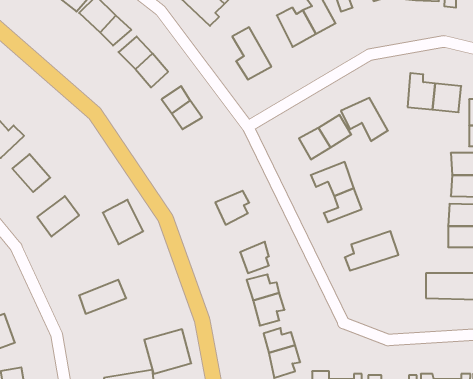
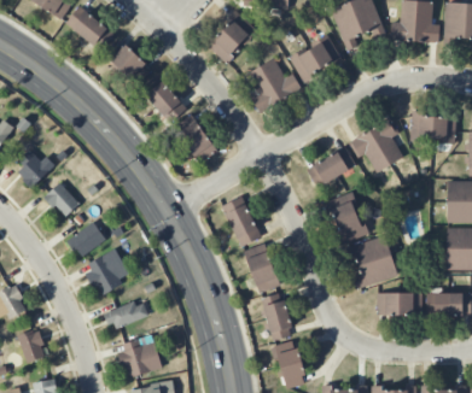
building: none -> [262,59,303,102]
building: none -> [373,122,402,162]
building: none -> [221,198,256,228]
building: [103,200,143,244] -> [85,256,122,297]
building: none -> [340,234,392,266]
building: none -> [244,244,276,274]
building: none -> [375,293,425,317]
building: [144,329,191,374] -> [117,338,161,379]

